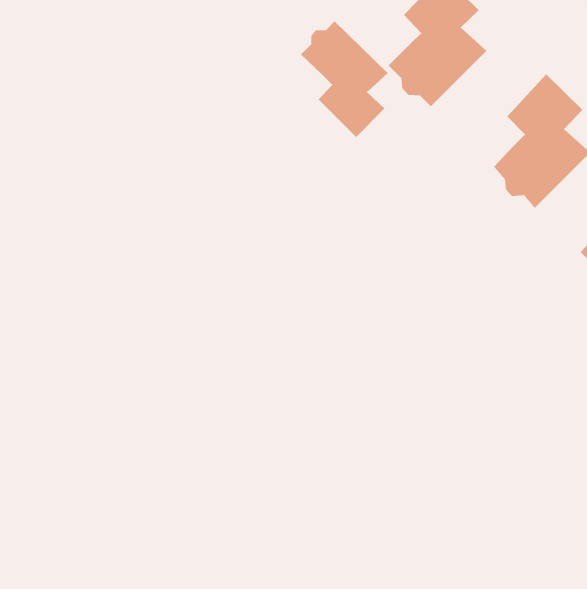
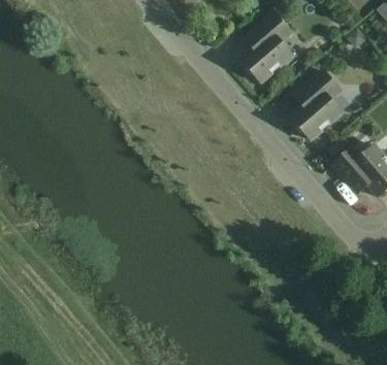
building: [300,21,388,138] -> none

